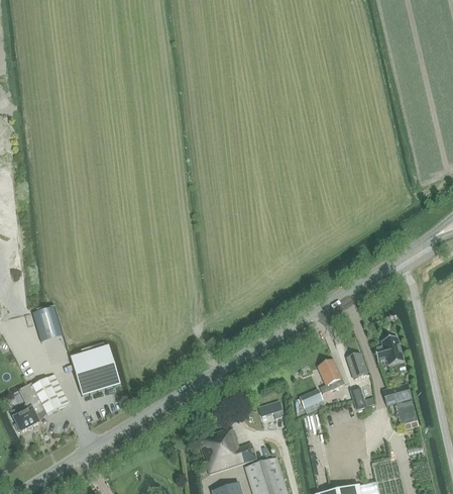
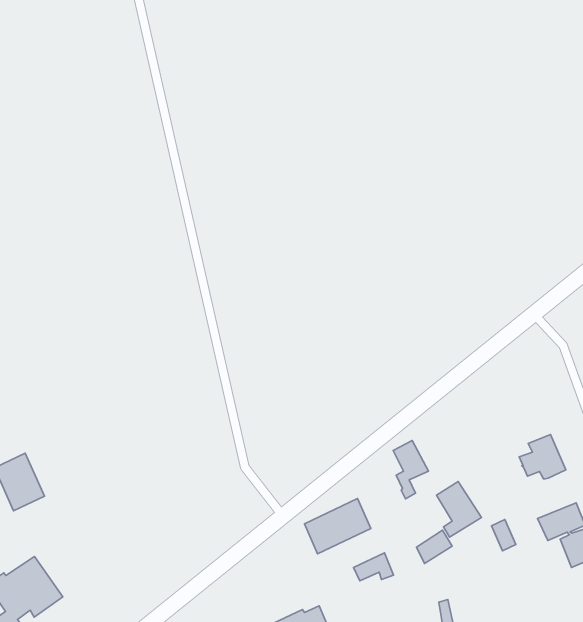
building: [70,345,119,395] -> none
building: [346,354,367,391] -> [393,440,428,499]
building: none -> [304,499,371,554]

